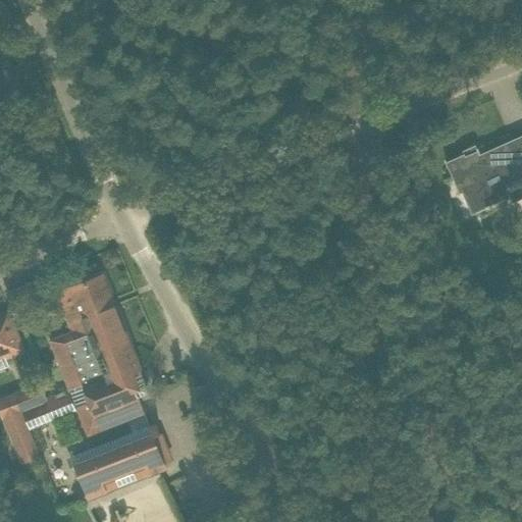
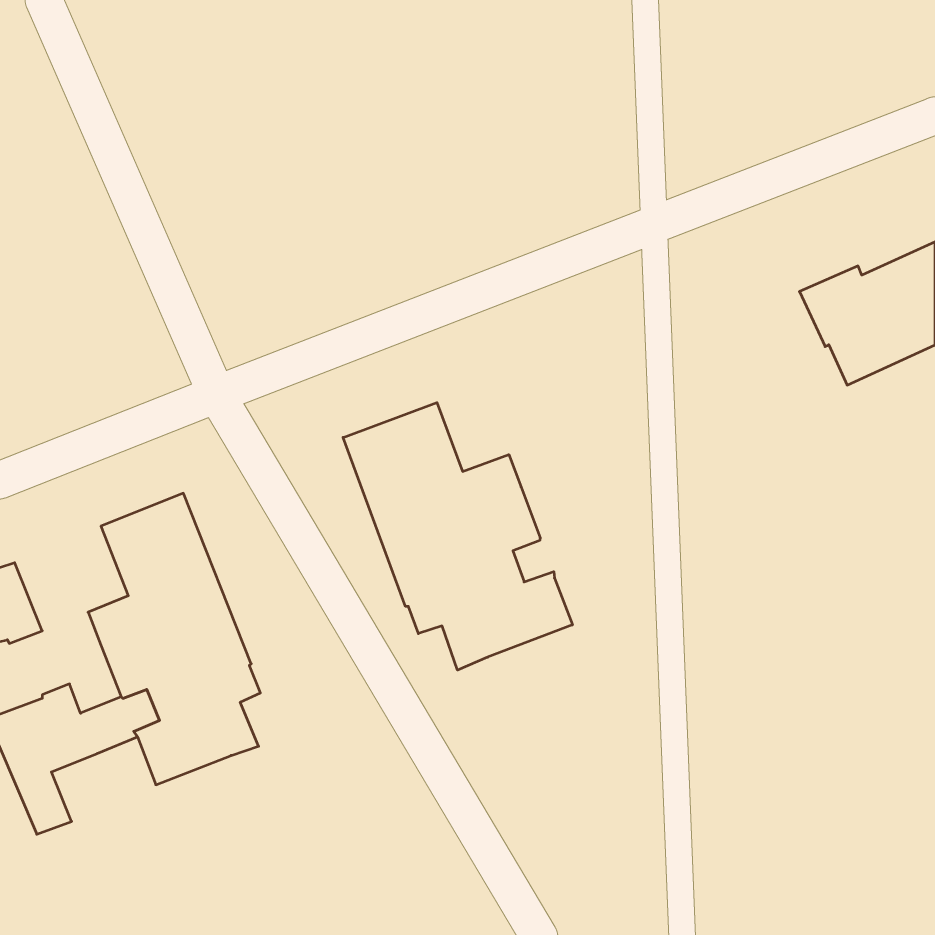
building: none -> [343,403,572,670]
building: [73,416,169,498] -> none

